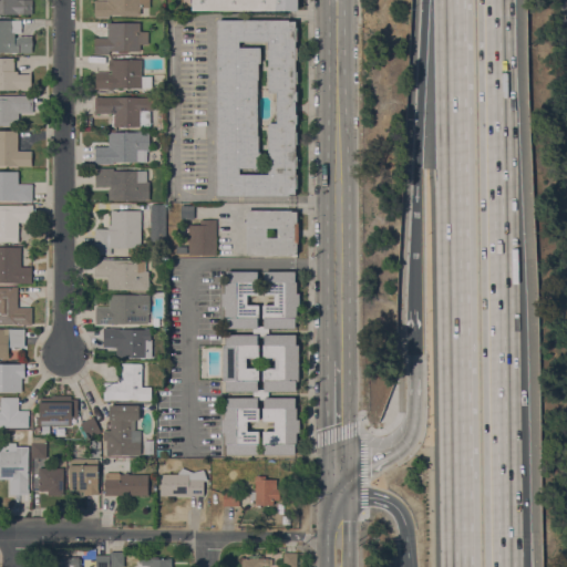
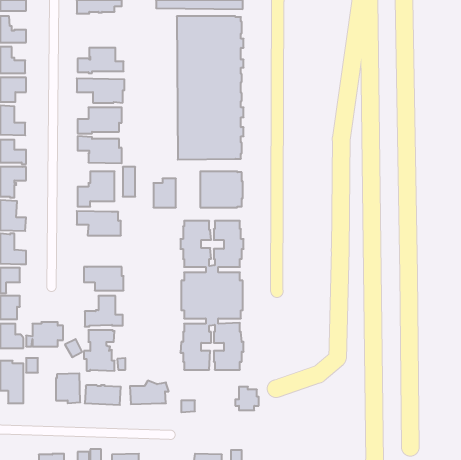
building: [94,23,148,55] -> none
building: [95,296,150,326] -> none
building: [39,470,63,497] -> none
building: [250,477,279,506] -> [235,387,259,410]

